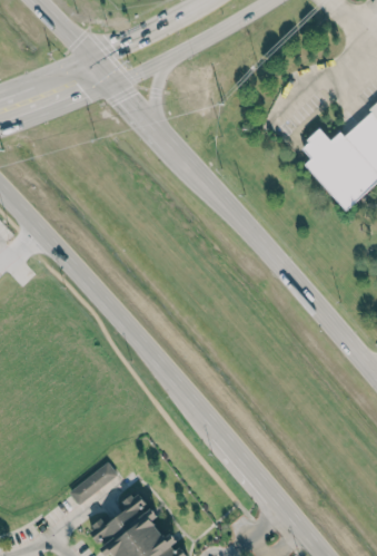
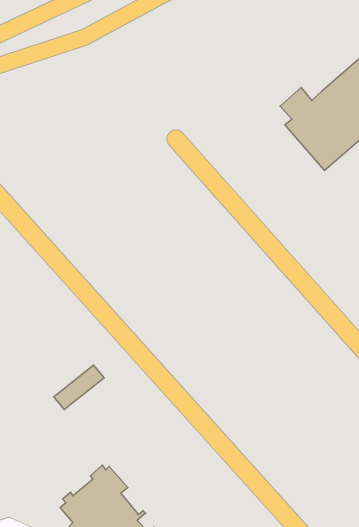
building: [69,461,117,504] -> [54,365,104,410]

